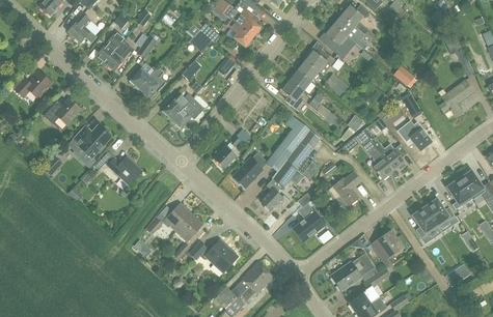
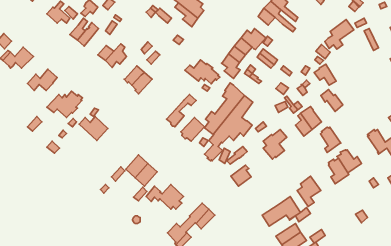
building: [439,79,474,115] -> [325,20,354,49]
building: none -> [185,60,220,84]
building: [448,180,473,211] -> [321,127,341,153]

